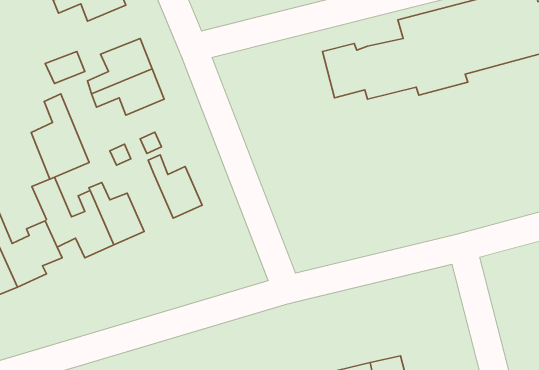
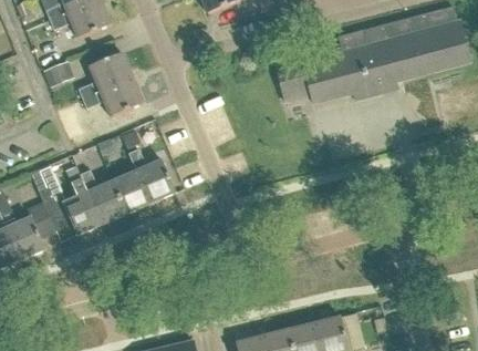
building: [31,94,89,179] -> none
building: none -> [112,164,150,213]

